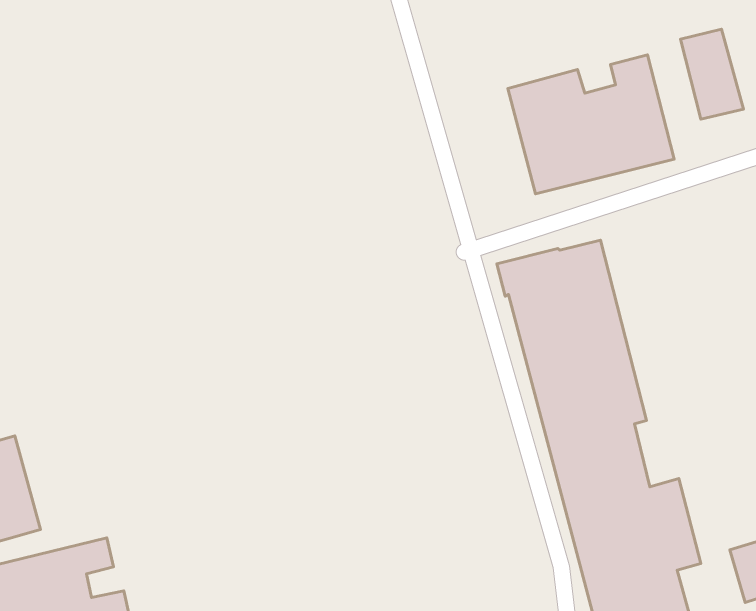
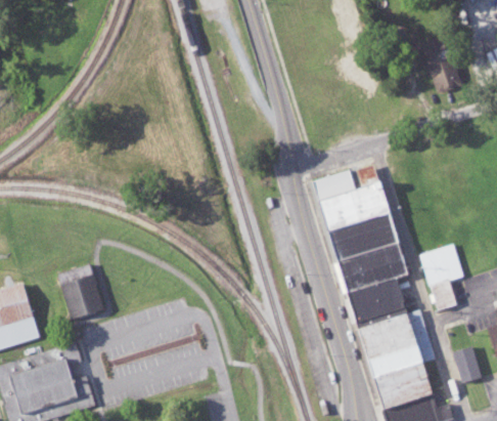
building: [508,55,674,194] -> none
building: none -> [420,243,464,311]
building: none -> [58,264,103,318]

